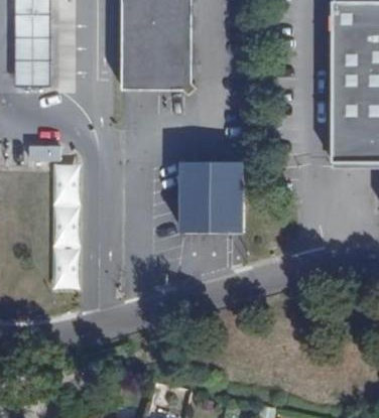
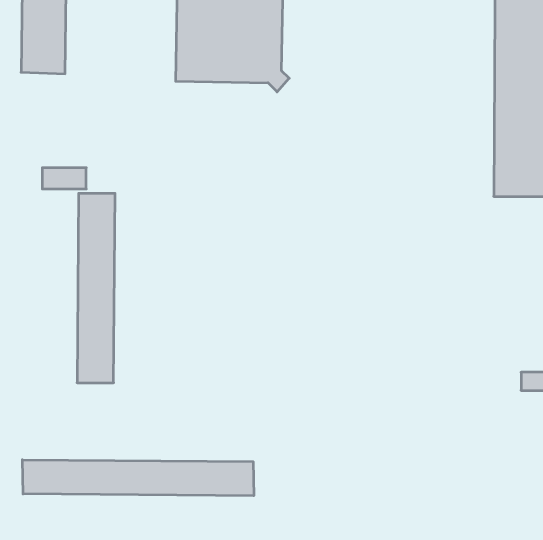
building: [180,161,242,232] -> none
building: none -> [22,460,254,496]

